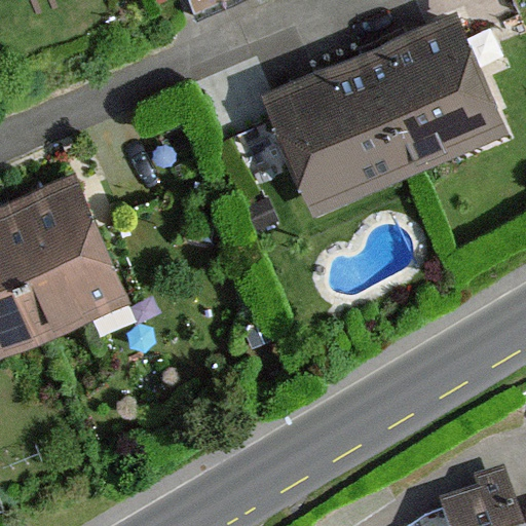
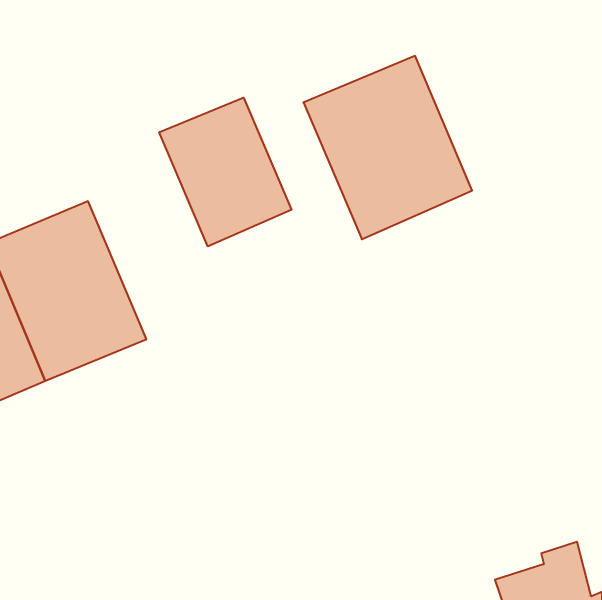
building: [359,14,502,172] -> none
building: none -> [159,98,291,246]

